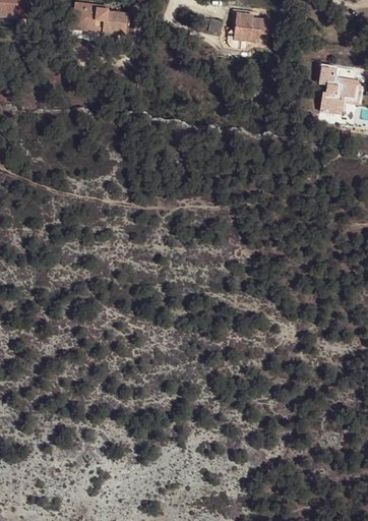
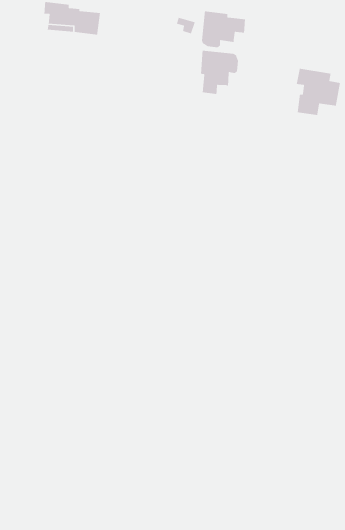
building: none -> [200,50,239,95]

